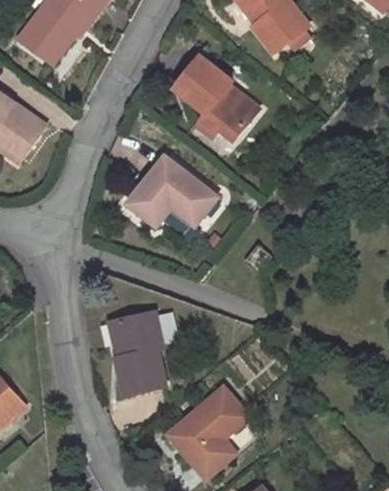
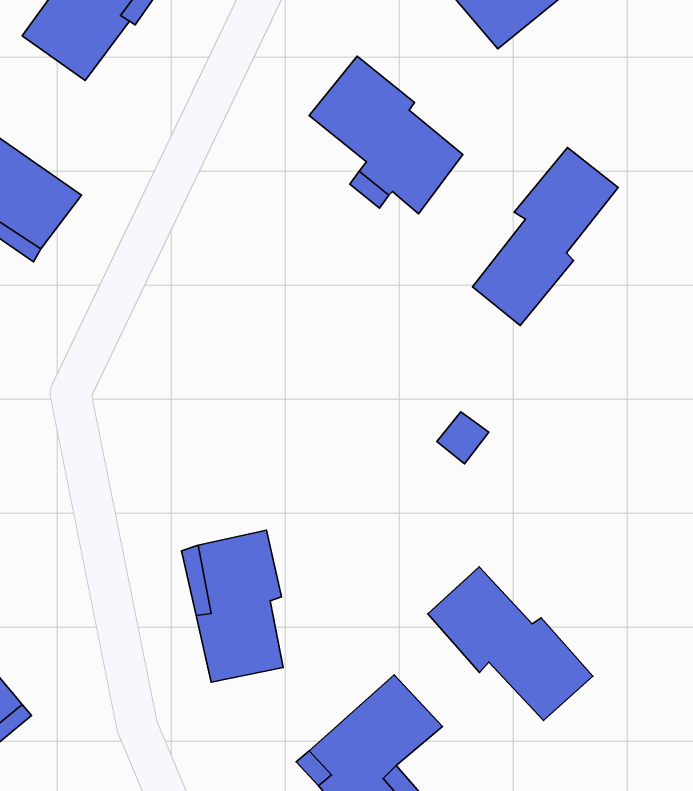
building: none -> [473,147,618,325]
building: [129,155,218,225] -> none
building: none -> [428,567,593,721]

